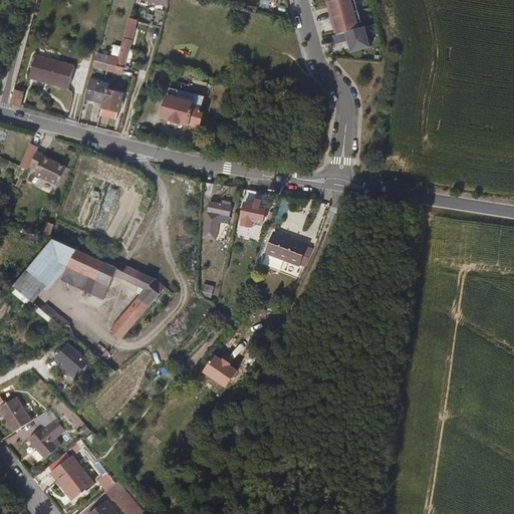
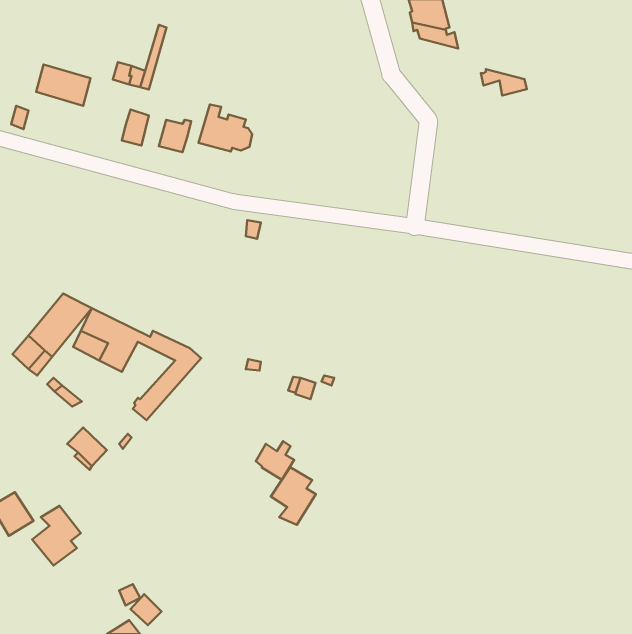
building: [335,31,372,52] -> [481,69,527,95]
building: [82,75,108,101] -> [159,120,191,152]
building: [28,148,64,182] -> none
building: [238,193,263,229] -> none
building: [200,204,229,241] -> none
building: [264,233,304,266] -> none
building: none -> [271,467,316,525]
building: [52,455,92,502] -> none

